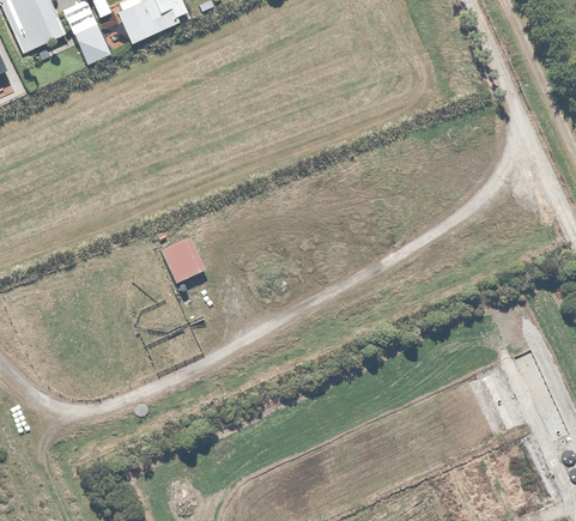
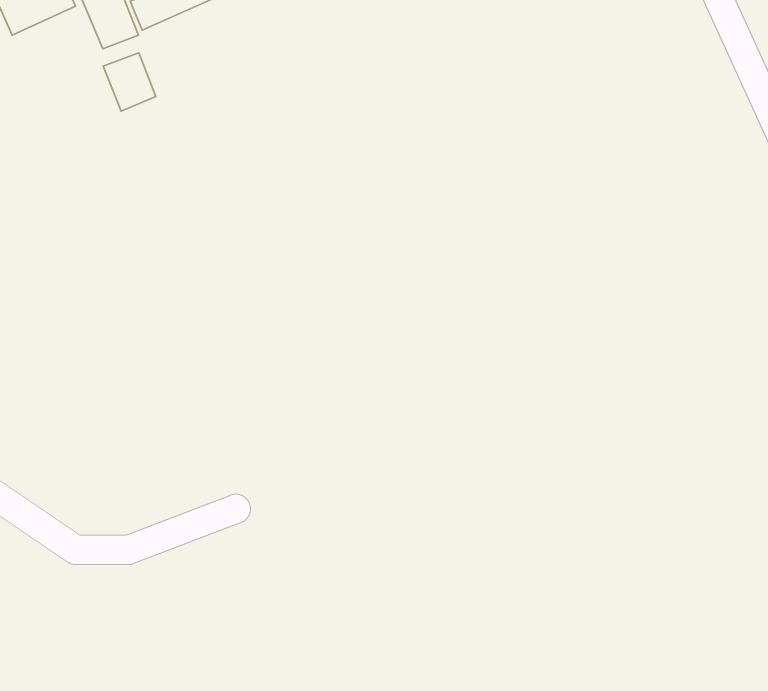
building: none -> [103,53,156,111]
building: [162,235,208,284] -> none

